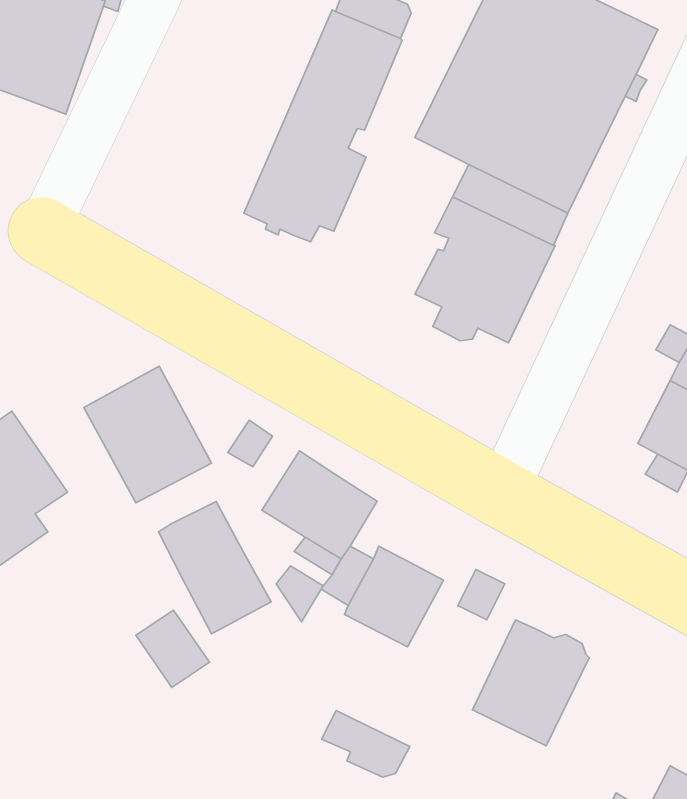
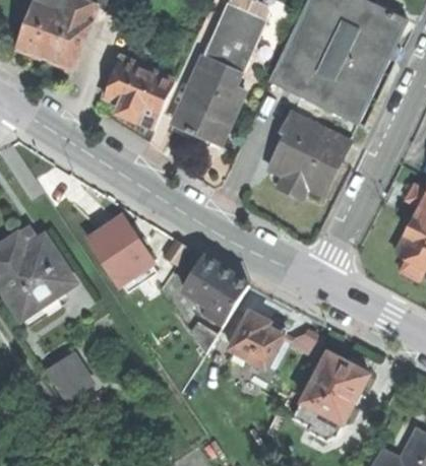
building: none -> [105,57,174,127]
building: [158,502,271,634] -> none
building: [136,610,209,687] -> [48,355,89,399]
building: [322,710,410,777] -> [294,403,344,441]

